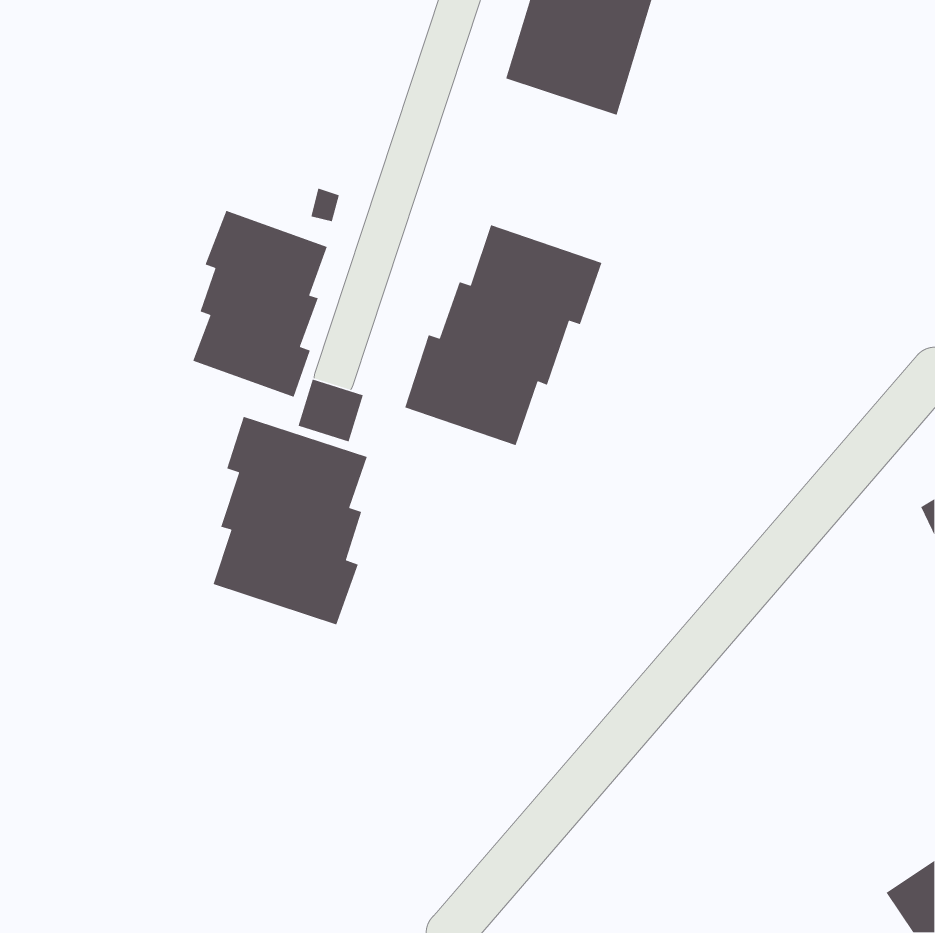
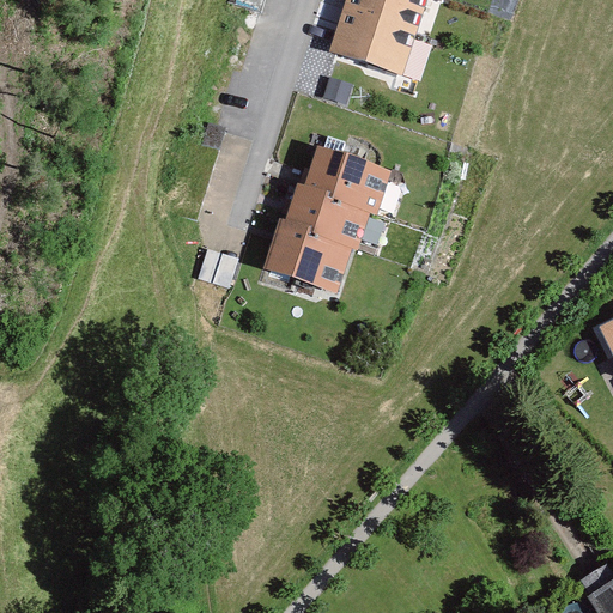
building: [192,210,328,398] -> none
building: [212,416,368,625] -> none

